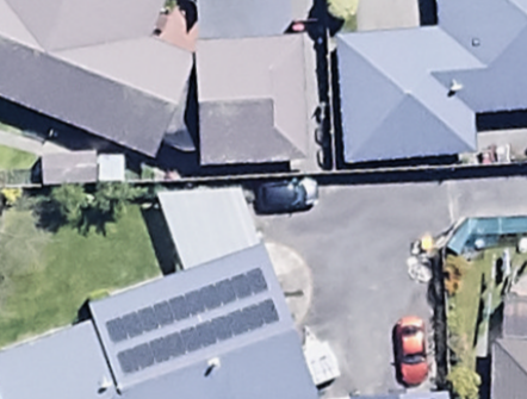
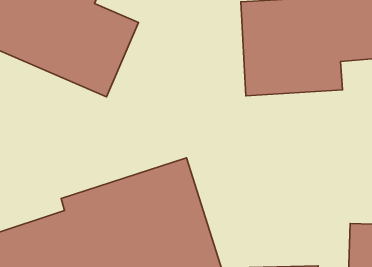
building: [200,36,305,163] -> none

